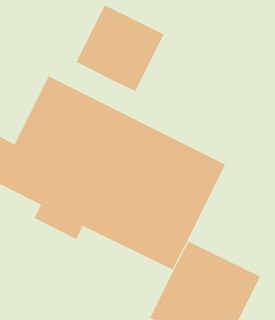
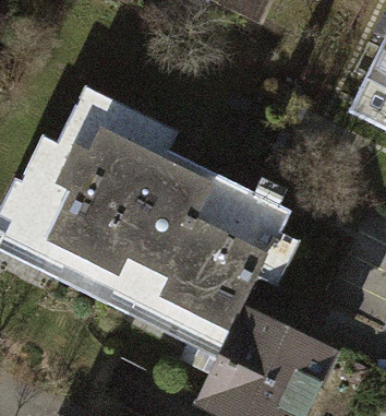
building: [76,5,165,92] -> none

